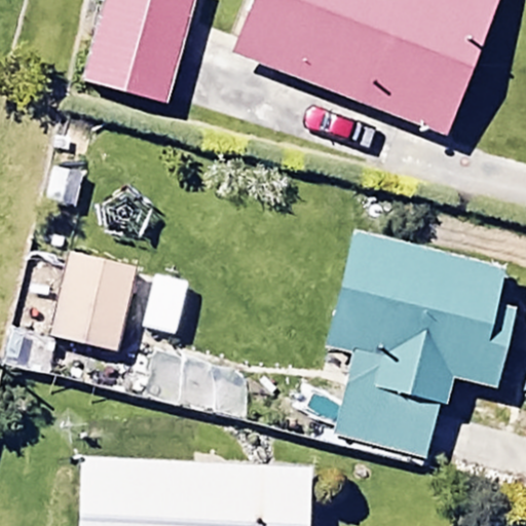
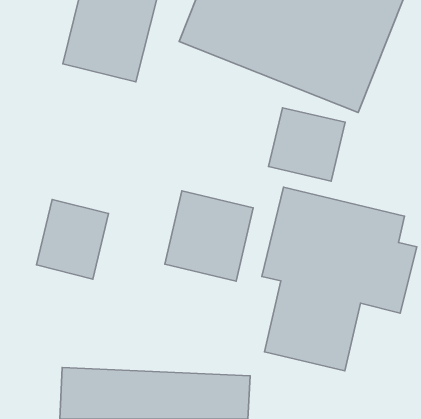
building: none -> [268,108,345,181]
building: none -> [165,191,253,281]

